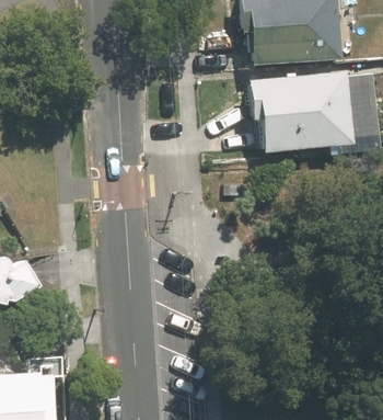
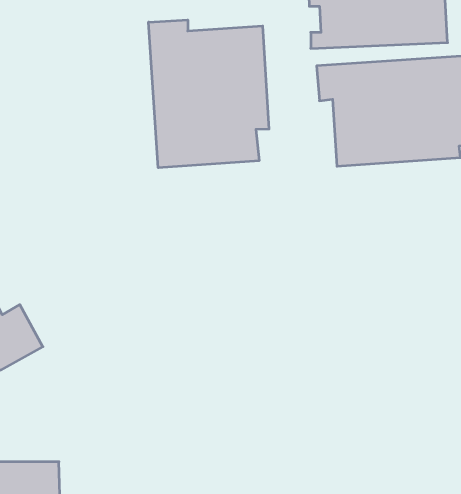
building: none -> [149,20,269,168]

